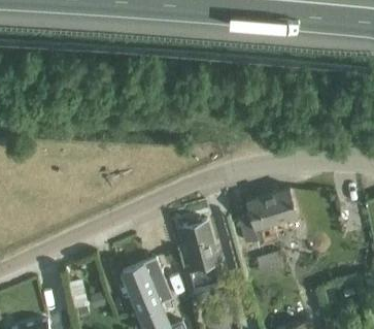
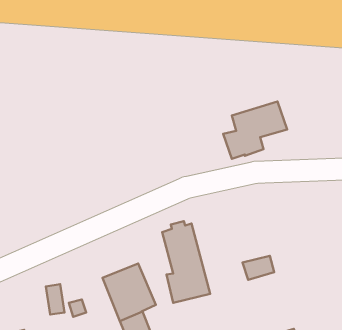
building: [238,190,299,244] -> [223,101,287,159]

